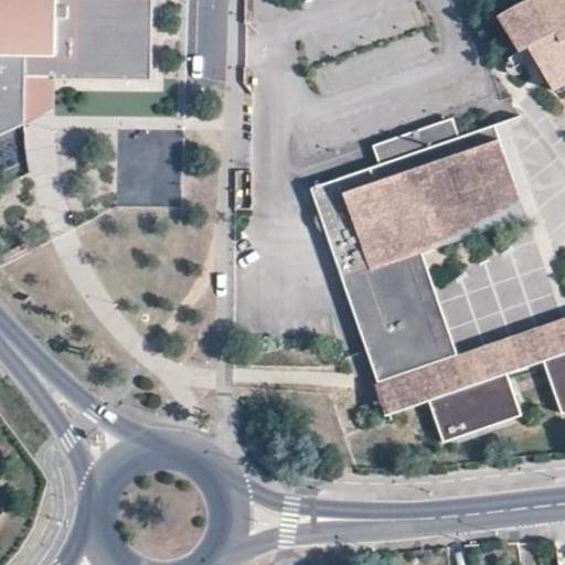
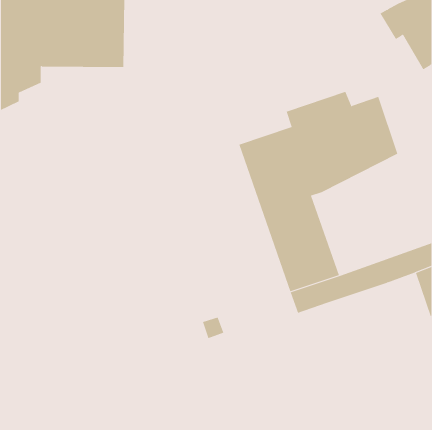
building: [427,370,522,443] -> none

